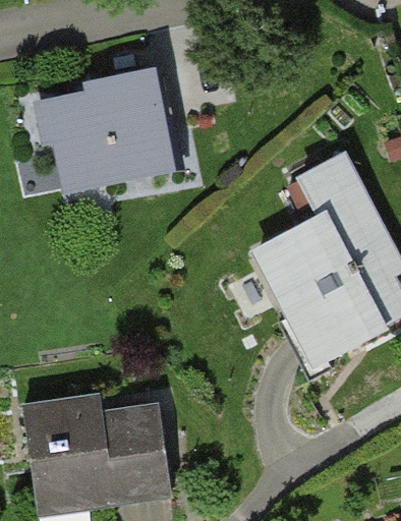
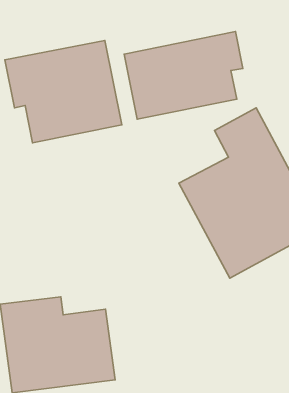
building: none -> [124,32,243,119]

